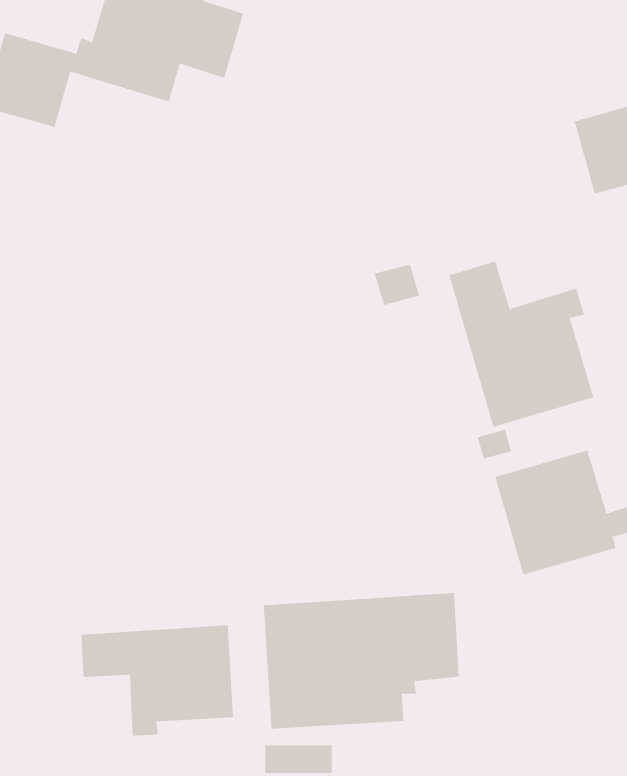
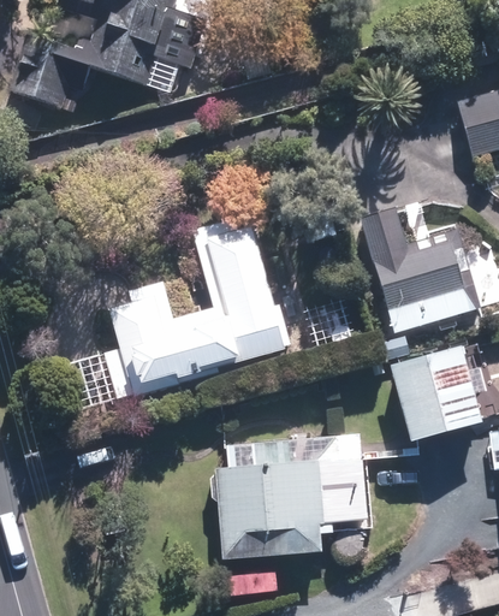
building: none -> [105,218,287,397]
building: [81,625,234,737] -> none

